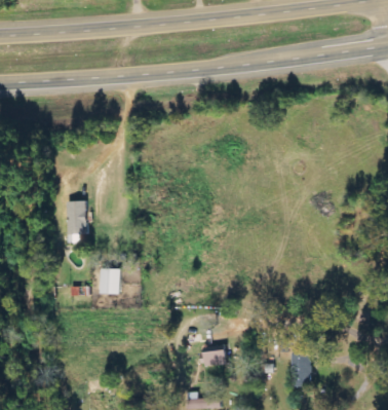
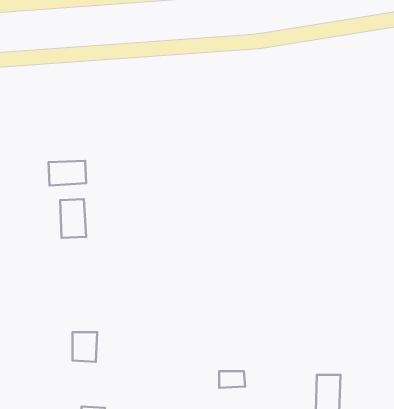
building: none -> [48,161,86,185]
building: [99,269,120,295] -> [72,332,97,362]

